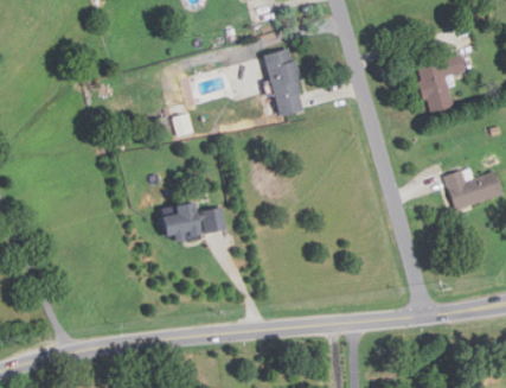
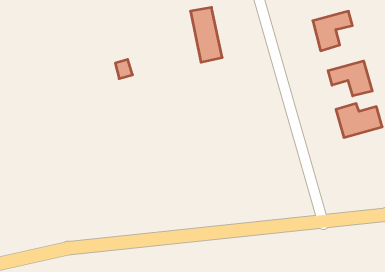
building: none -> [328,61,372,96]
building: [162,202,226,241] -> none

